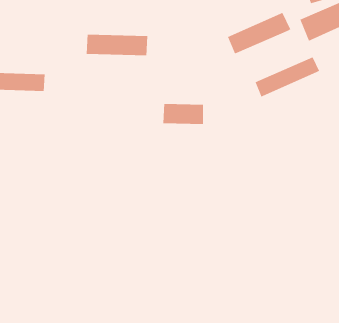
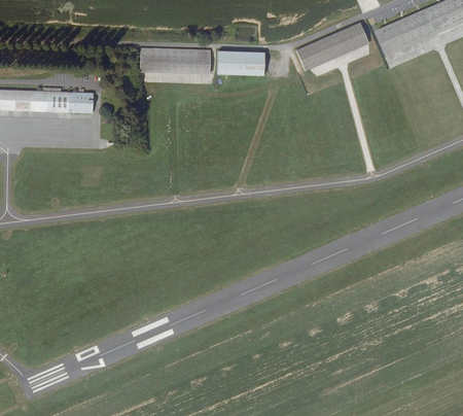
building: [255,56,320,97] -> none
building: [163,103,204,124] -> [216,50,262,74]

